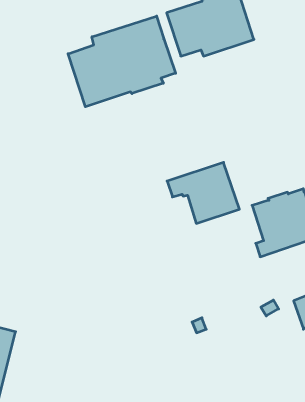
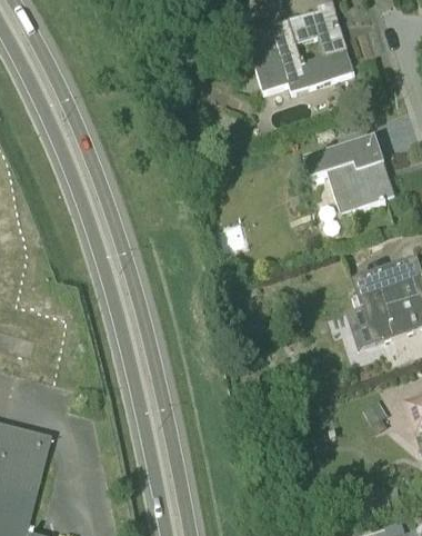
building: [68,16,176,107] -> none
building: [167,162,239,223] -> [302,135,393,211]

